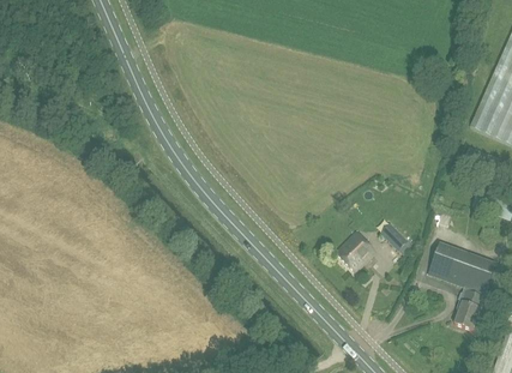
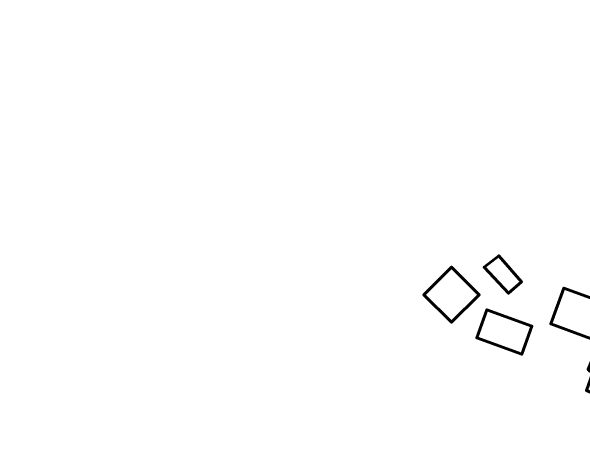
building: none -> [477,310,532,354]

